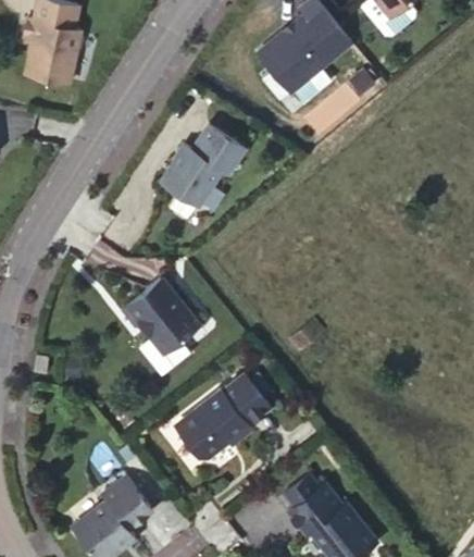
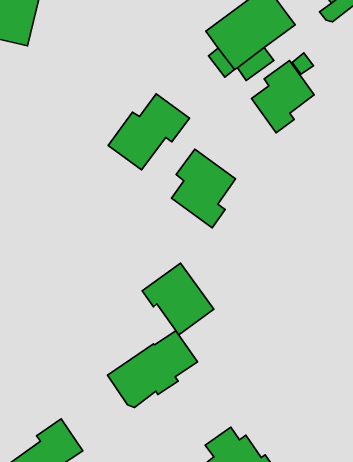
building: none -> [252,61,314,133]
building: none -> [171,149,235,228]
building: [120,276,197,352] -> [142,263,214,335]

